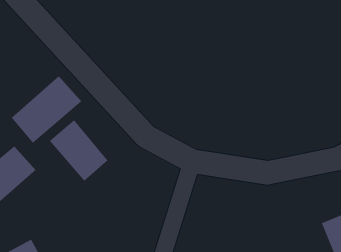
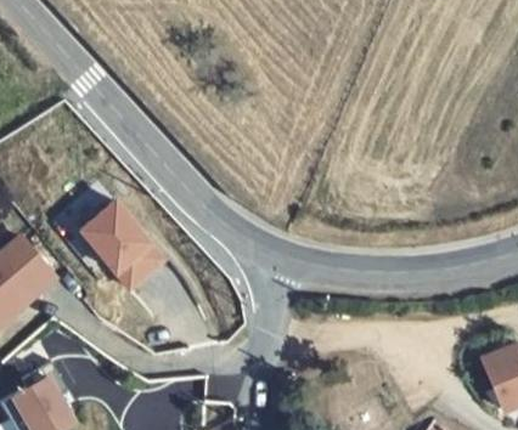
building: [11,75,82,144] -> none

